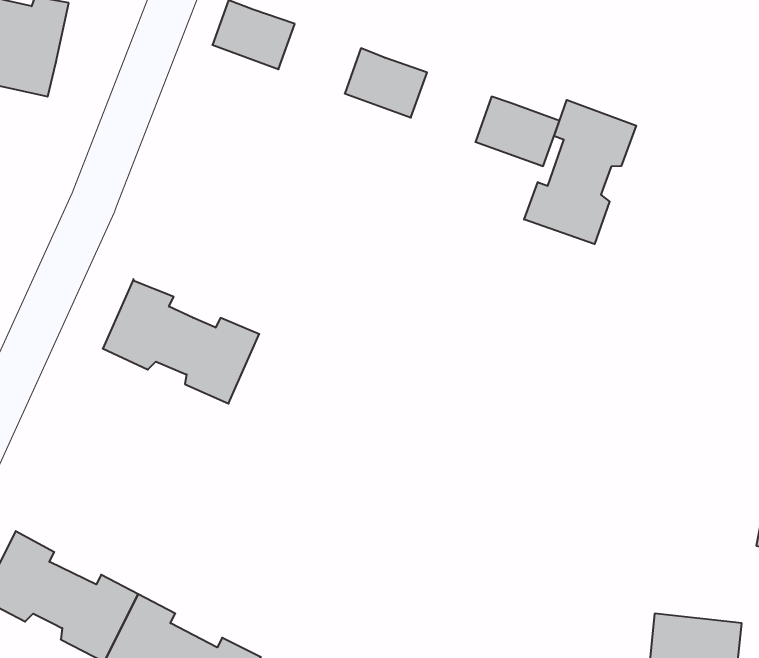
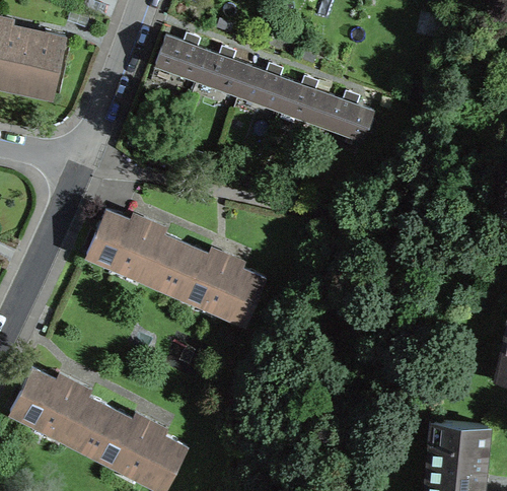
building: none -> [198,52,249,95]
building: none -> [281,82,332,126]
building: [524,100,636,244] -> none
building: none -> [166,247,265,325]

